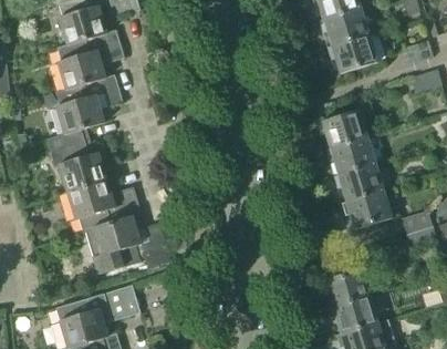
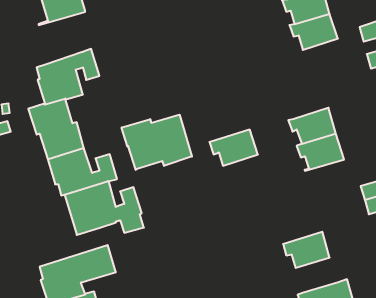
building: [54,30,125,93] -> none
building: [316,110,368,148] -> [209,130,258,166]
building: none -> [122,115,192,170]
building: [343,192,393,229] -> none
building: [328,297,378,335] -> none

